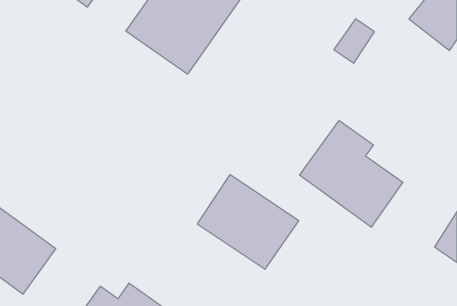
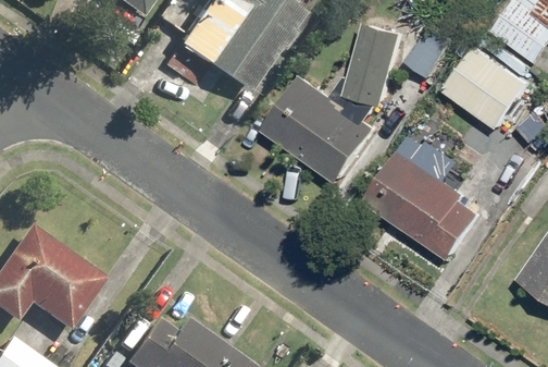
building: none -> [351,26,406,107]
building: none -> [446,47,531,130]
building: [197,175,299,269] -> [266,76,378,181]

